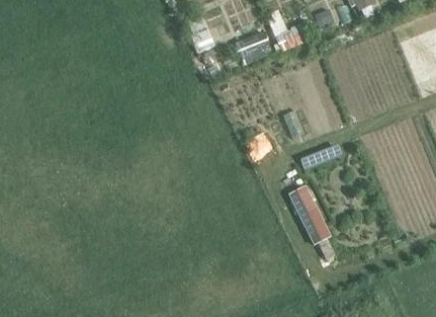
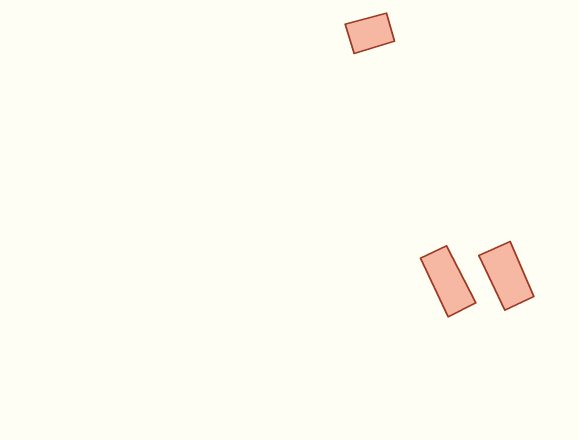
building: none -> [479,241,534,310]

